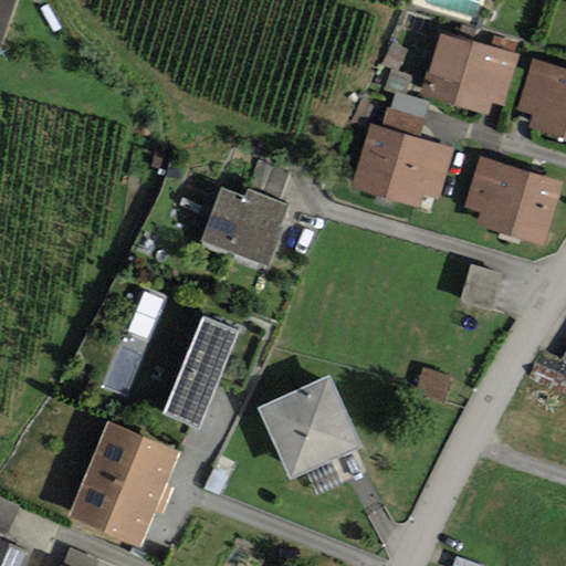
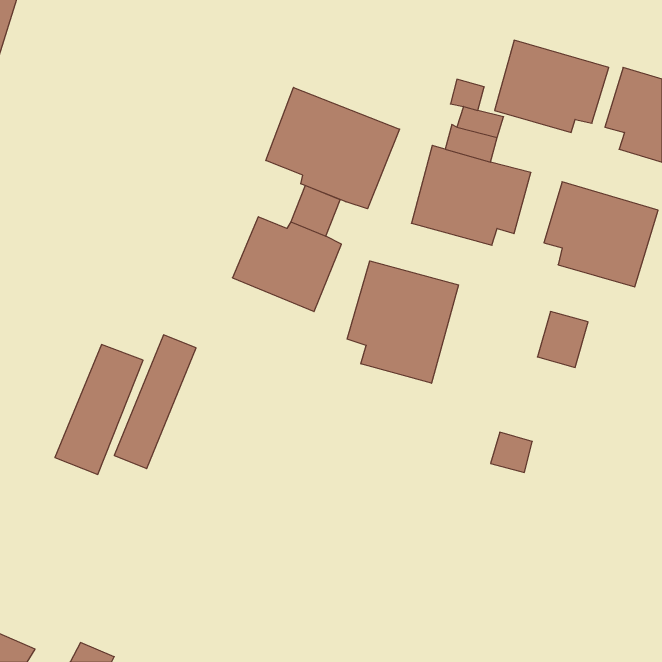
building: none -> [266,87,400,209]
building: none -> [347,261,459,383]
building: [161,317,237,428] -> [55,345,143,474]
building: [256,375,361,480] -> none
building: [69,423,178,546] -> none

